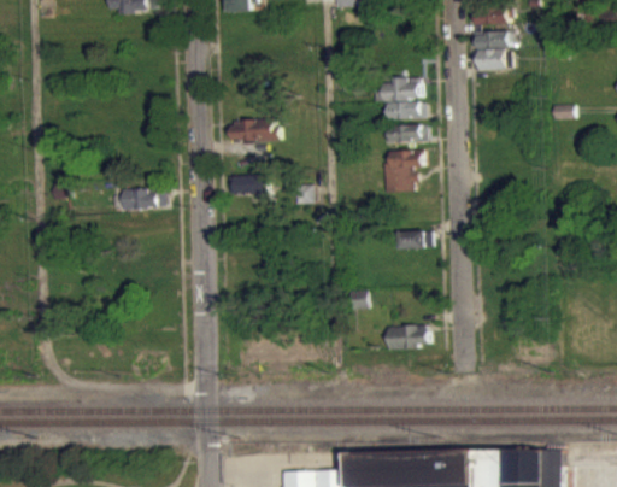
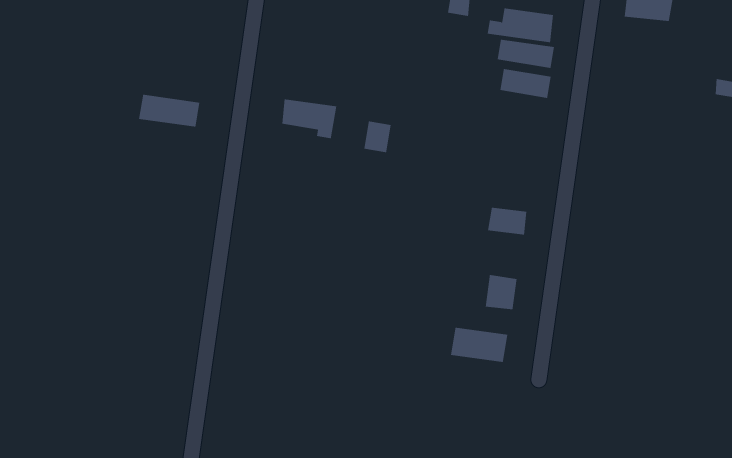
building: [230,119,280,142] -> none
building: [382,152,422,194] -> none
building: none -> [485,274,517,310]

